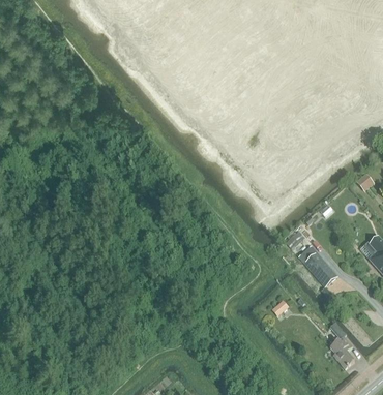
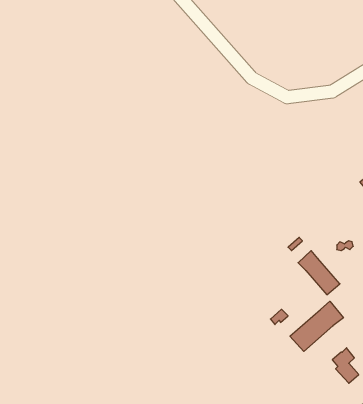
building: none -> [290,301,343,351]

